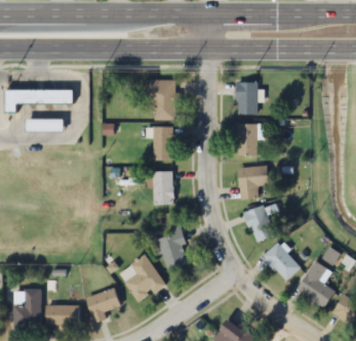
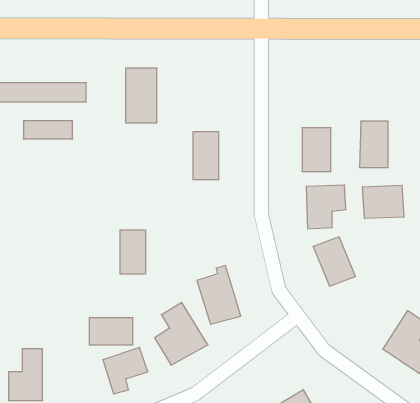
building: [151,80,174,121] -> [126,68,157,123]
building: [235,82,256,117] -> [359,121,388,168]
building: none -> [363,185,404,219]
building: [153,172,172,205] -> [120,230,146,274]
building: [262,244,301,283] -> none
building: [45,305,78,326] -> [89,318,133,345]

